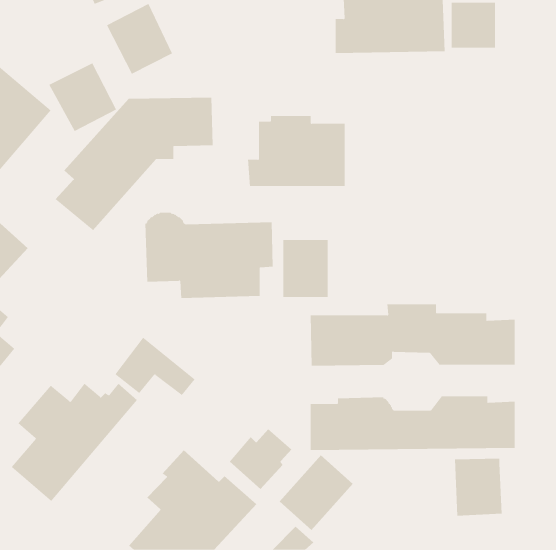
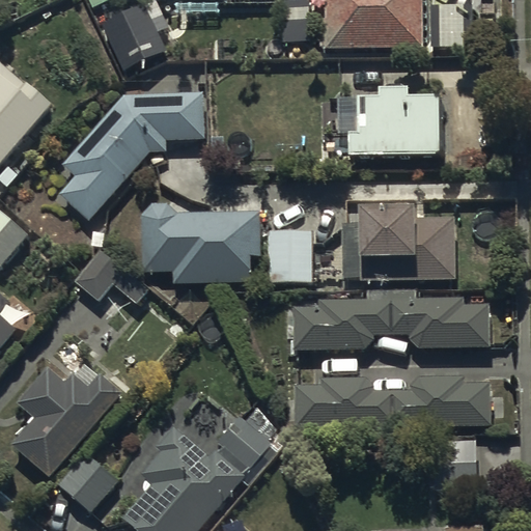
building: [49,62,117,132] -> none
building: [247,116,346,187] -> [346,89,440,157]
building: none -> [359,211,455,281]
building: [114,337,195,396] -> [73,246,149,302]
building: [279,455,354,531] -> none
building: none -> [57,450,117,510]

